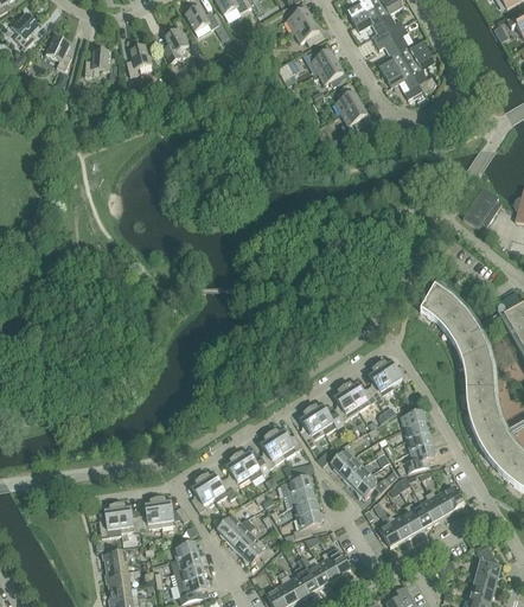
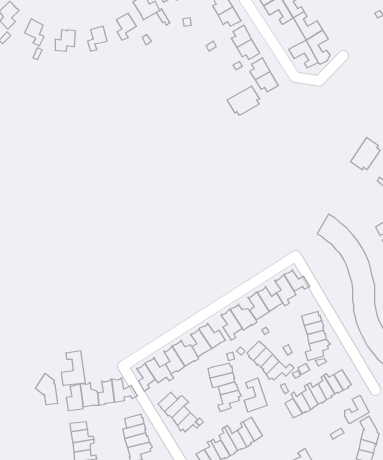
building: [376,33,407,74] -> none
building: none -> [227,86,259,115]
building: none -> [61,351,85,386]
building: none -> [35,373,58,405]
building: none -> [244,378,267,412]
building: none -> [345,395,369,423]

